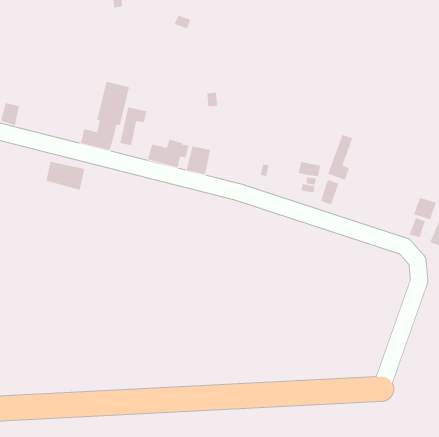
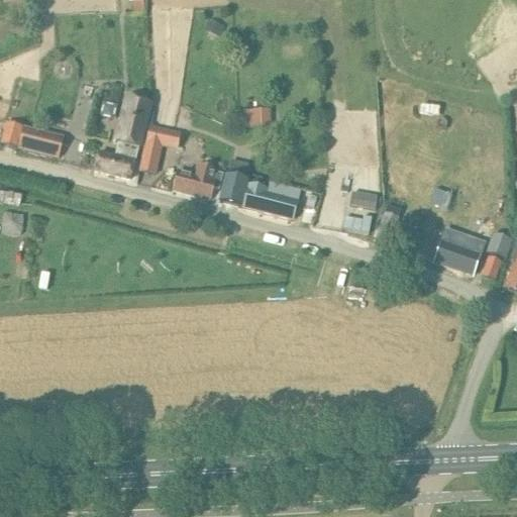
building: [328,134,353,181] -> none
building: none -> [245,183,299,218]
building: [46,161,85,190] -> [19,124,66,159]
building: none -> [435,239,482,273]

